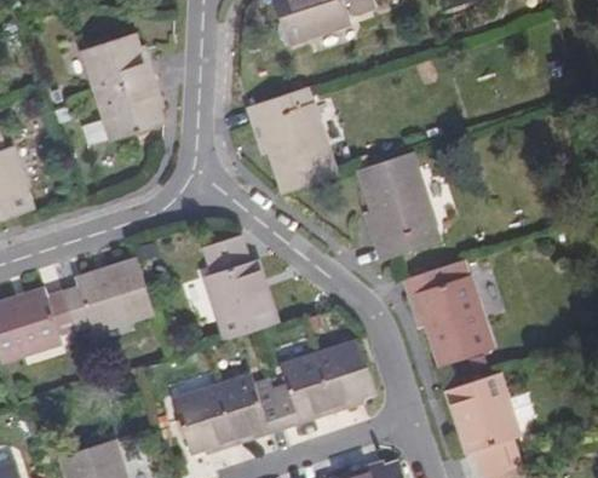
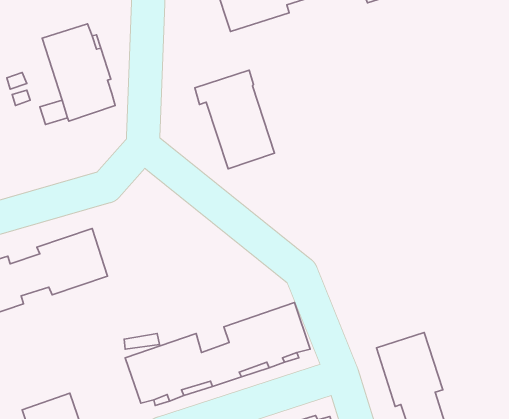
building: [360,151,439,260] -> none
building: [202,236,276,339] -> none
building: [404,260,491,365] -> none

